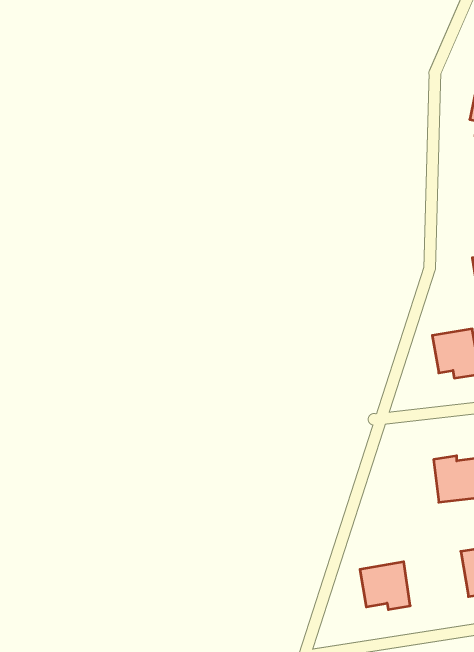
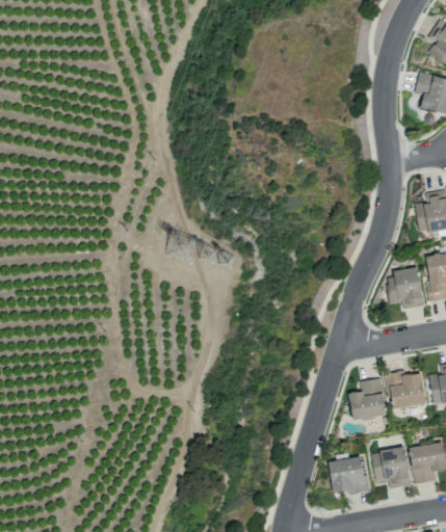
building: none -> [349,377,386,419]
building: none -> [371,447,410,486]

